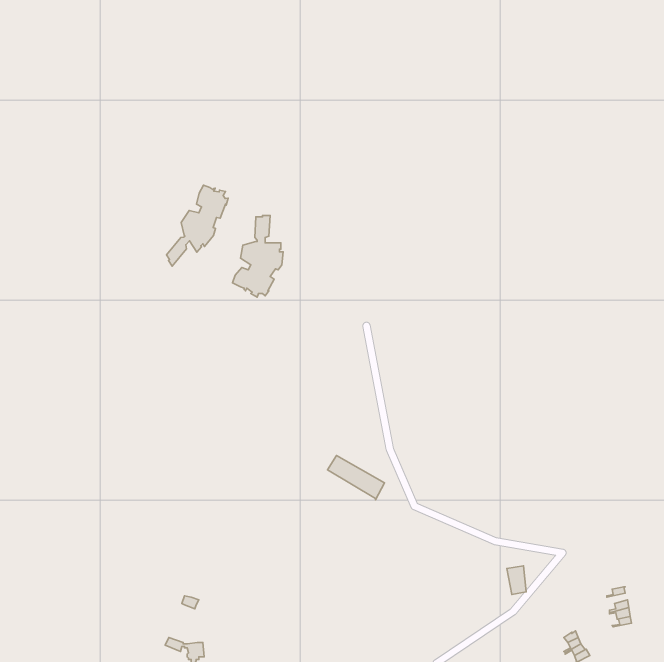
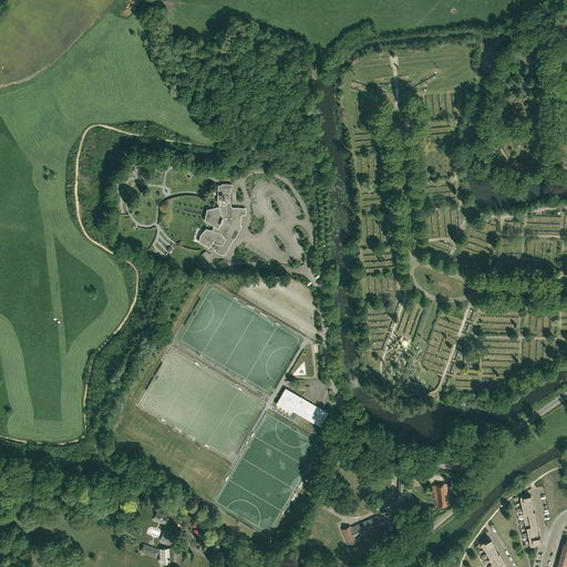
building: [166,185,228,266] -> none
building: none -> [342,511,396,545]

